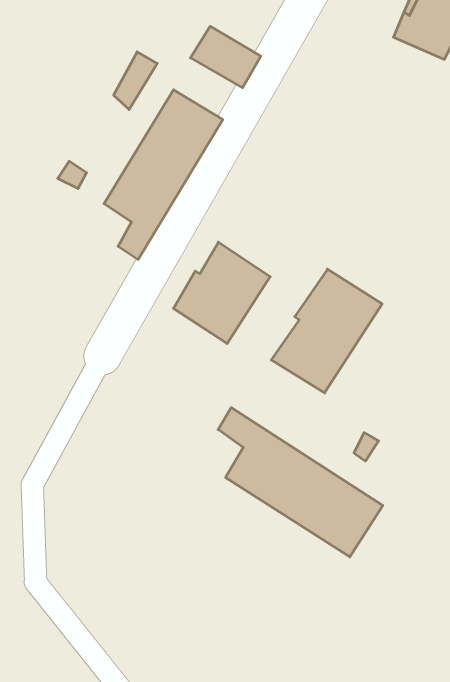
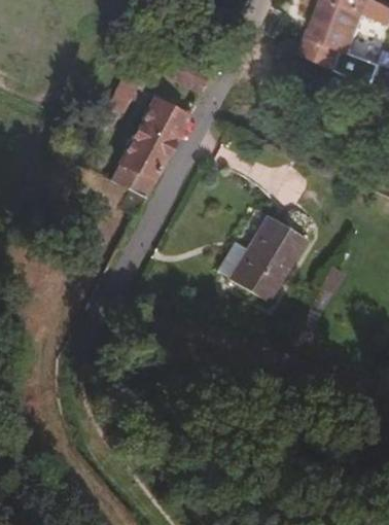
building: [173,242,270,344] -> none
building: [218,408,383,557] -> none

